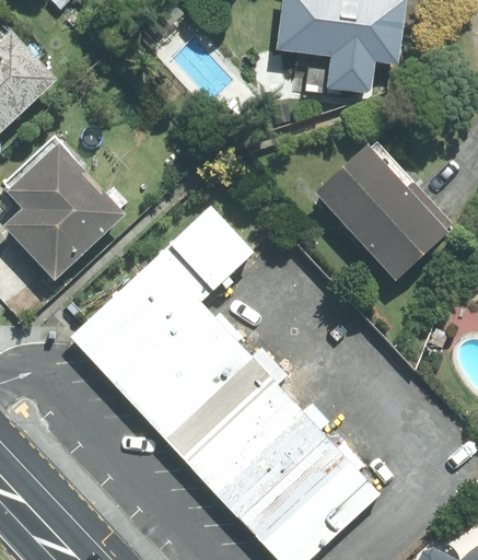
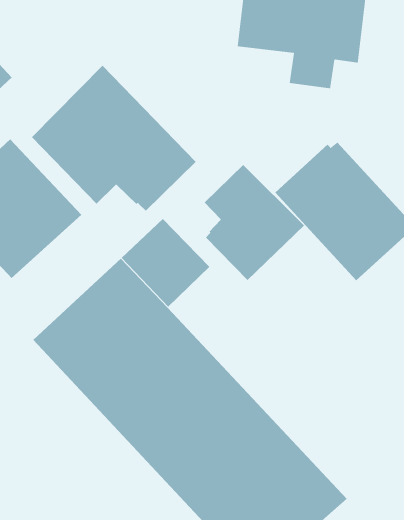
building: none -> [31,65,196,211]
building: none -> [204,164,305,281]

